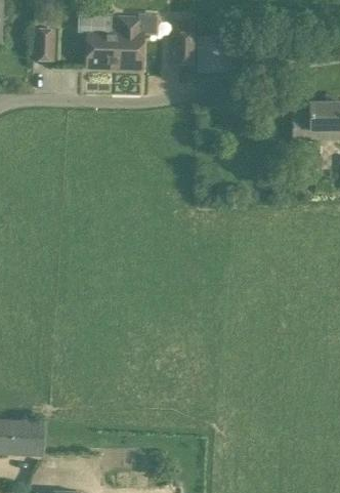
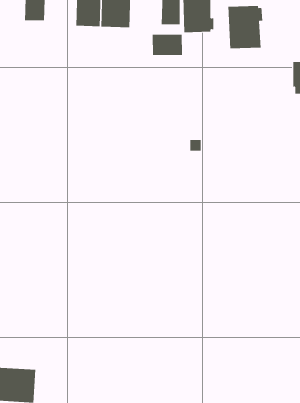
building: none -> [228,5,263,49]
building: none -> [152,34,182,56]

